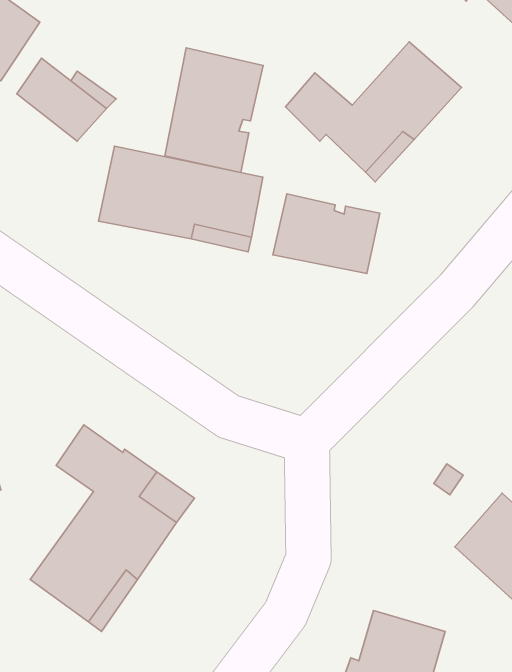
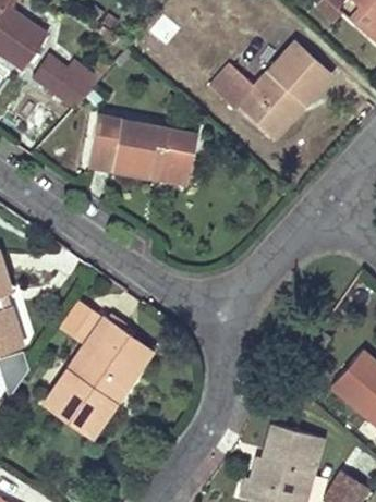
building: [165,48,263,172] -> none
building: [273,194,380,274] -> none

